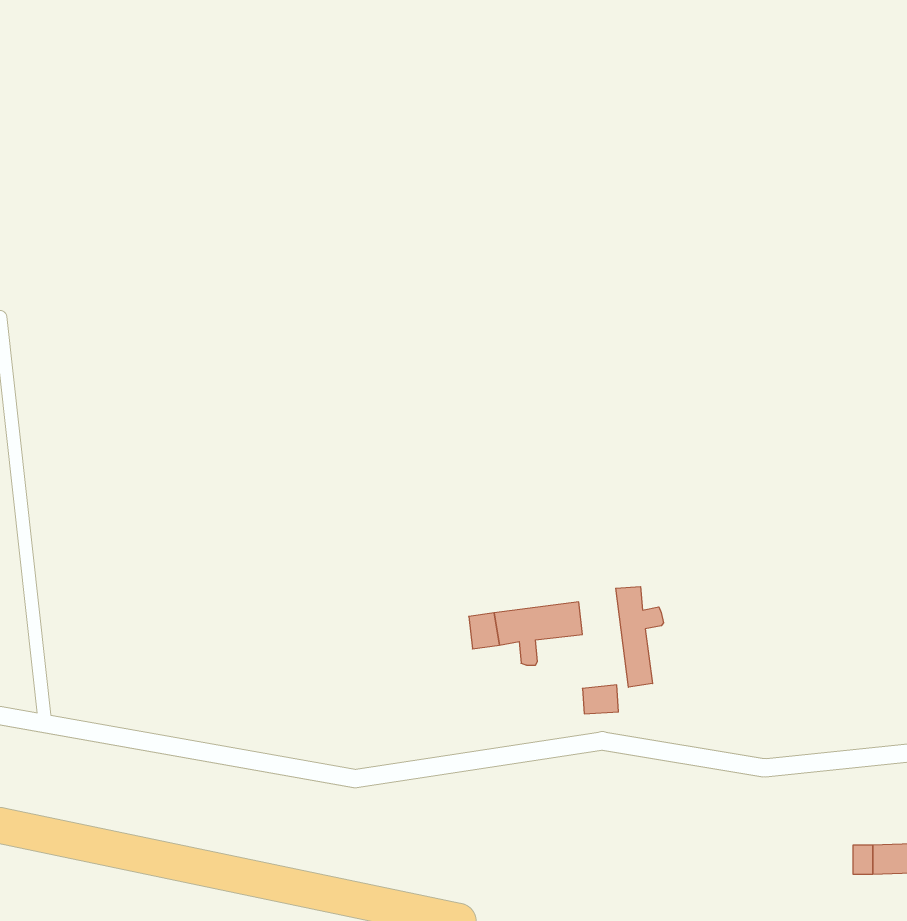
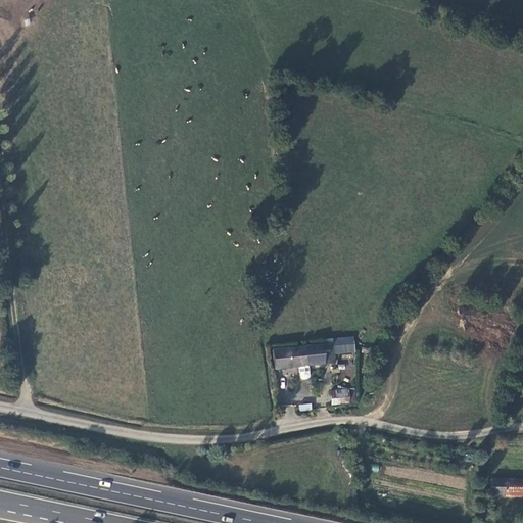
building: [616,587,663,687] -> none

